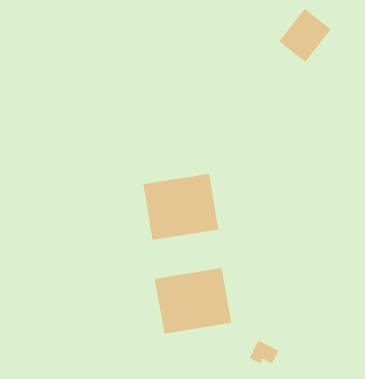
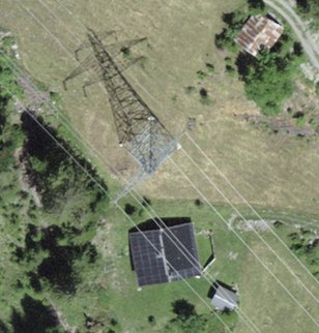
building: [143,173,219,241] -> none

